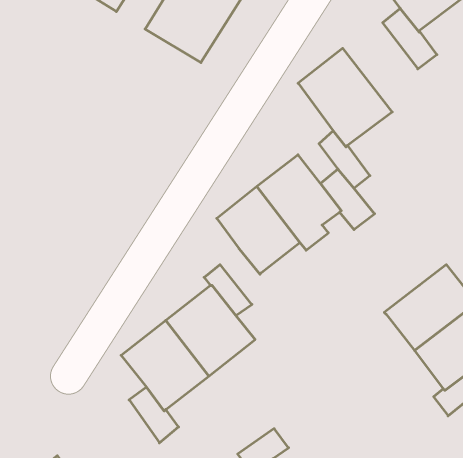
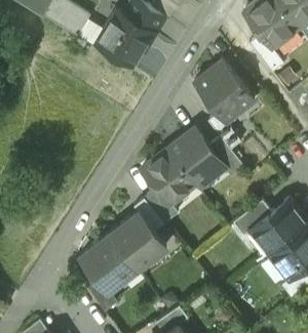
building: none -> [144,190,178,225]
building: none -> [233,201,272,237]

